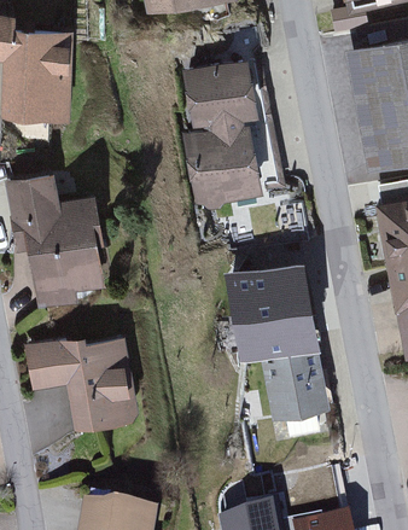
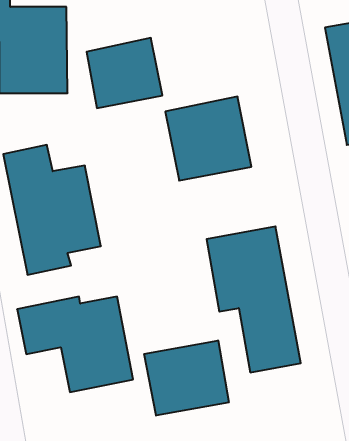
building: [182,57,262,130] -> [87,38,162,108]
building: none -> [144,340,229,416]

